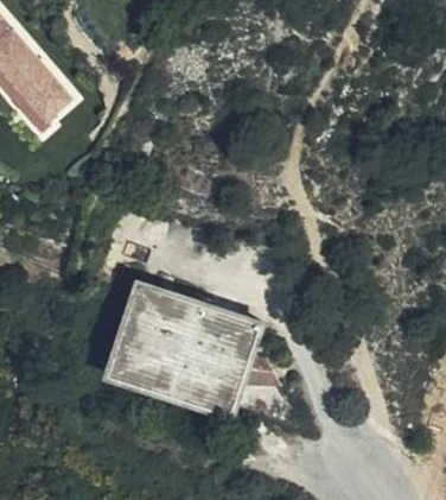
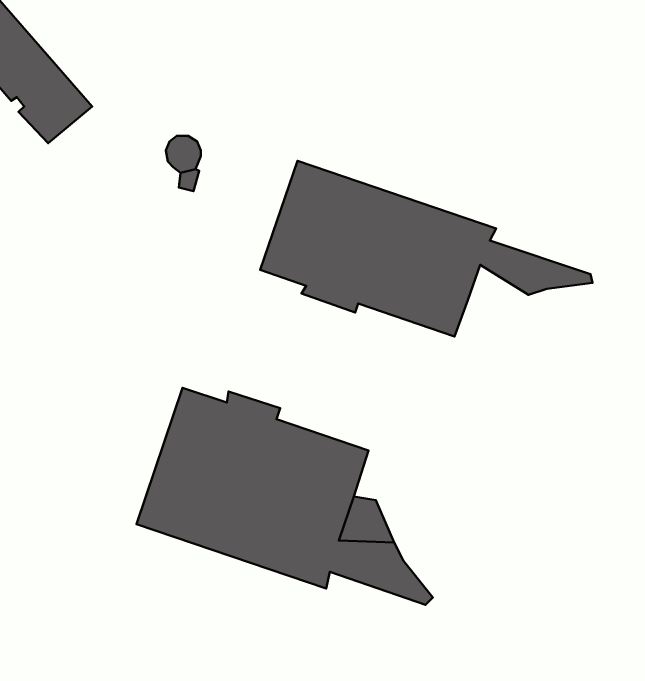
building: none -> [260,161,593,336]

